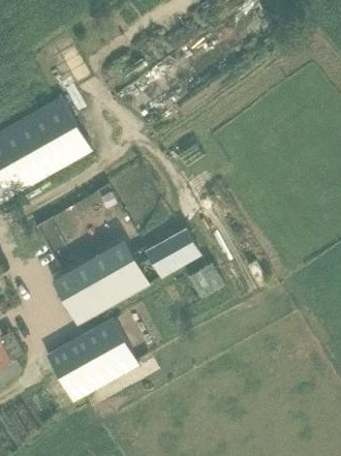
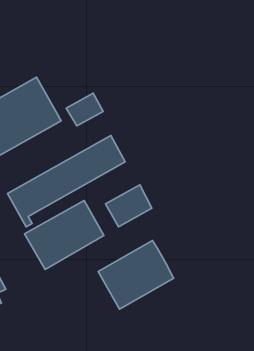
building: none -> [66,93,103,126]
building: [46,316,138,399] -> [98,241,174,309]

